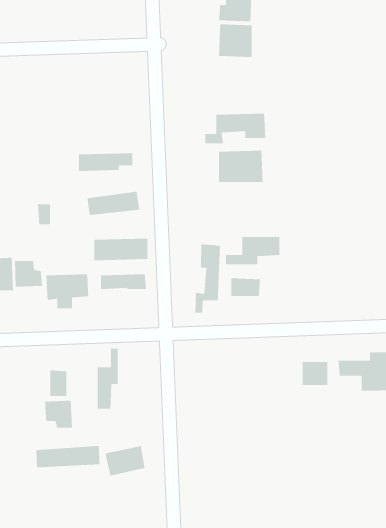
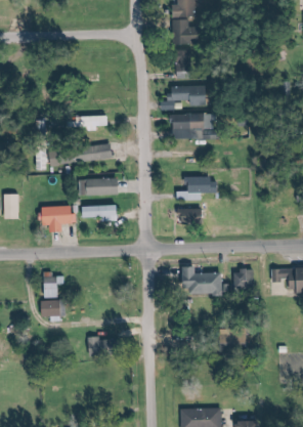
building: none -> [176,50,193,79]
building: [195,243,221,314] -> none
building: [14,260,43,287] -> none
building: [97,348,119,410] -> none
building: none -> [181,267,222,295]
building: [36,445,100,468] -> none

